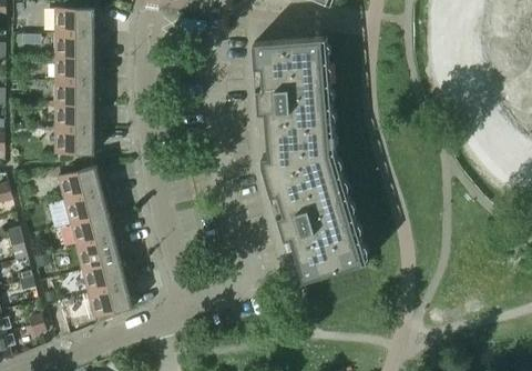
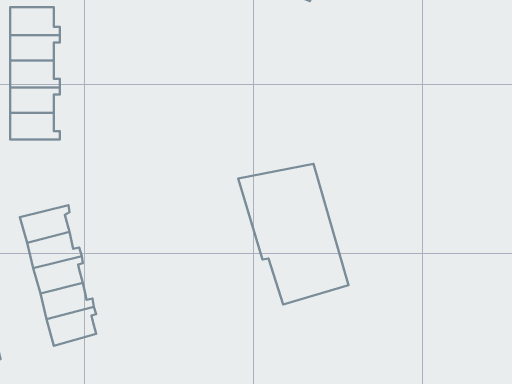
building: [254,38,331,164] -> none
building: [54,129,100,153] -> none
building: [58,166,108,200] -> none

